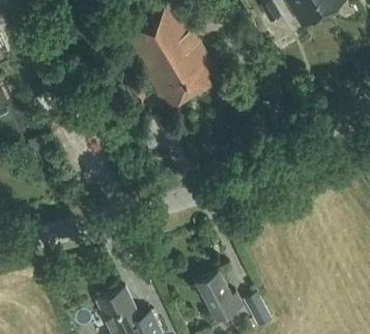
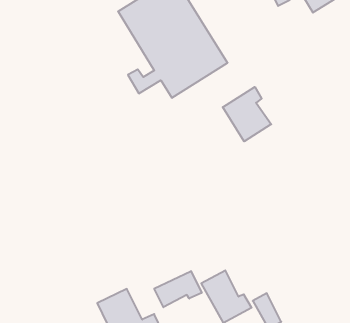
building: none -> [223,87,271,141]
building: none -> [154,271,202,307]

